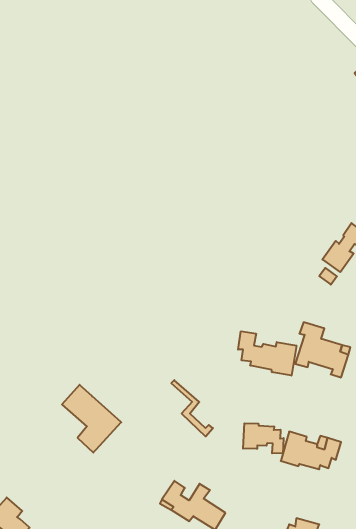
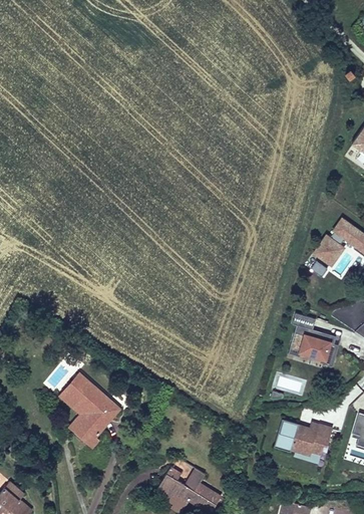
building: [238,331,296,376] -> none
building: [171,380,213,436] -> [60,393,100,447]
building: [243,423,284,453] -> none

